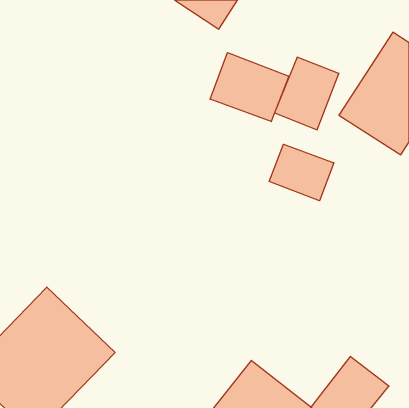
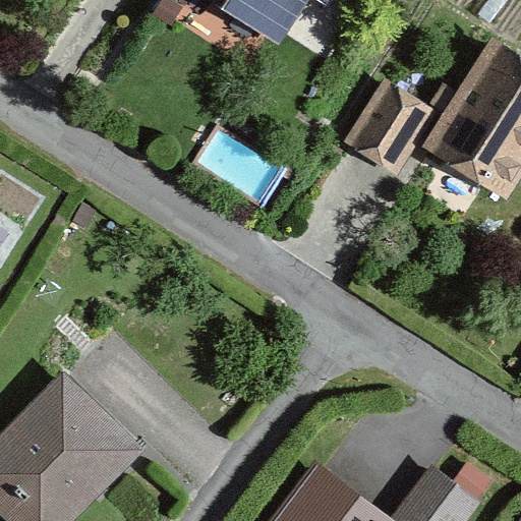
building: [210,53,289,122] -> none
building: [269,144,334,201] -> none

